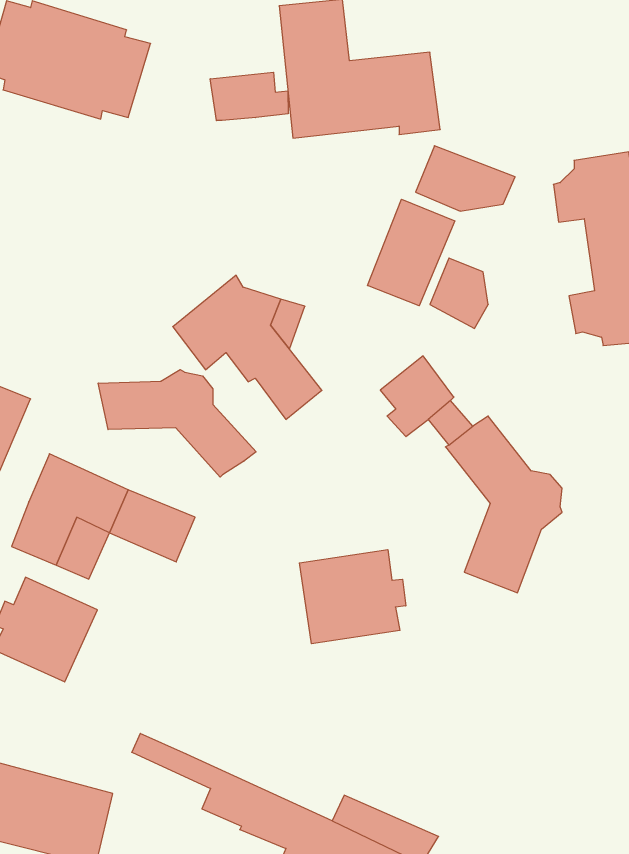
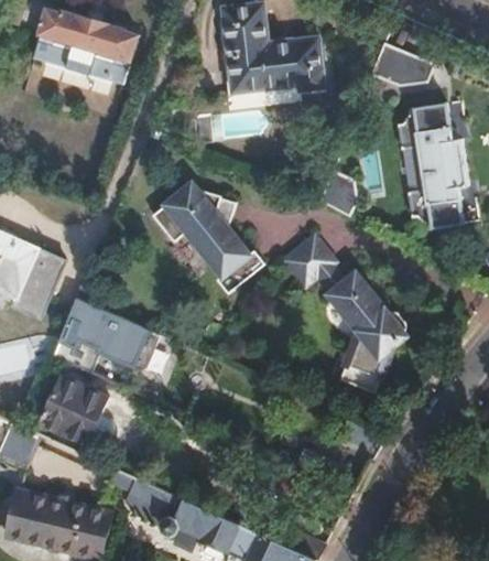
building: [210,72,288,121] -> none
building: [416,146,515,211] -> [371,43,435,85]
building: [368,199,455,306] -> none
building: [98,370,256,477] -> none
building: [299,550,406,644] -> none

